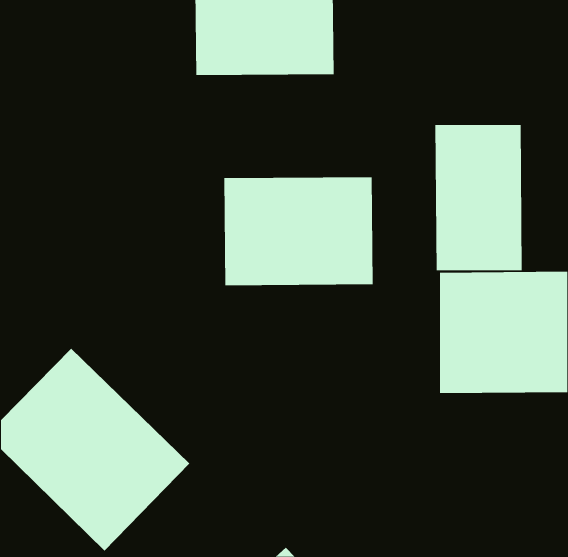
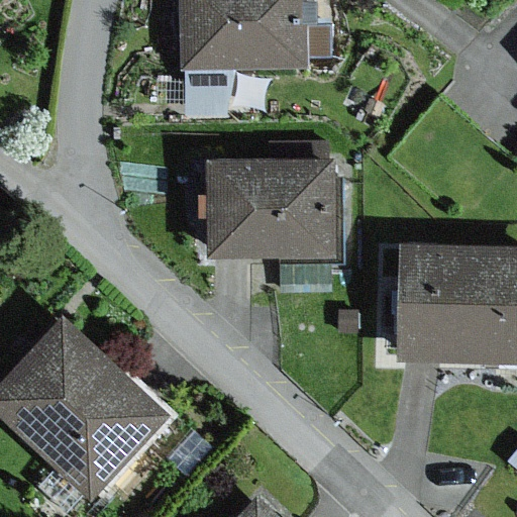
building: [435,124,522,271] -> none

